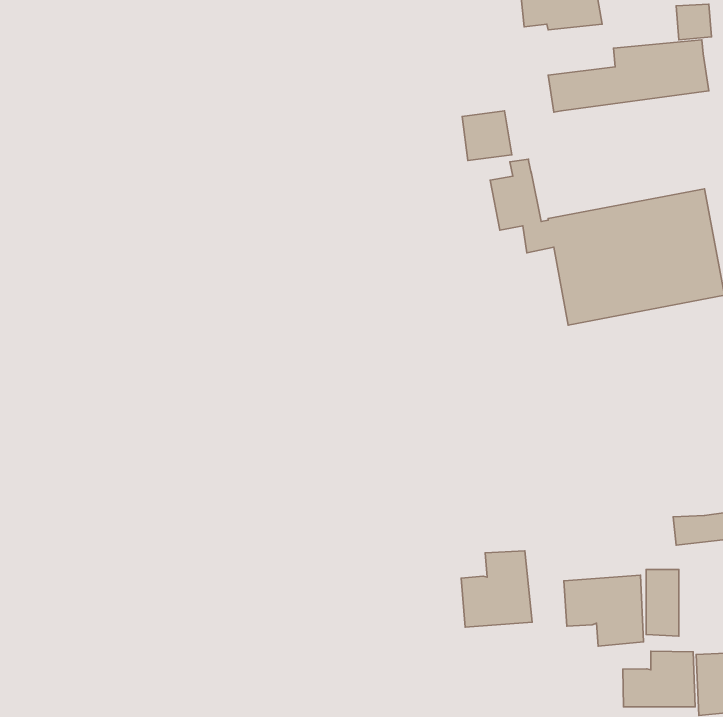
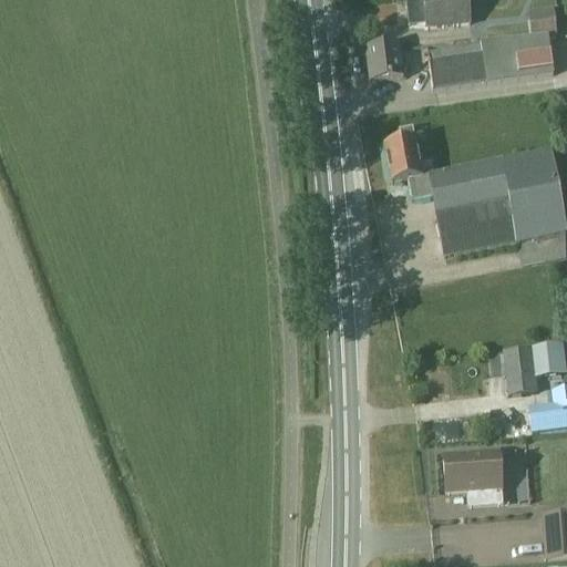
building: [462,111,512,161] -> [367,40,405,79]
building: none -> [506,344,561,391]
building: [461,551,532,627] -> none
building: [623,651,695,707] -> none

